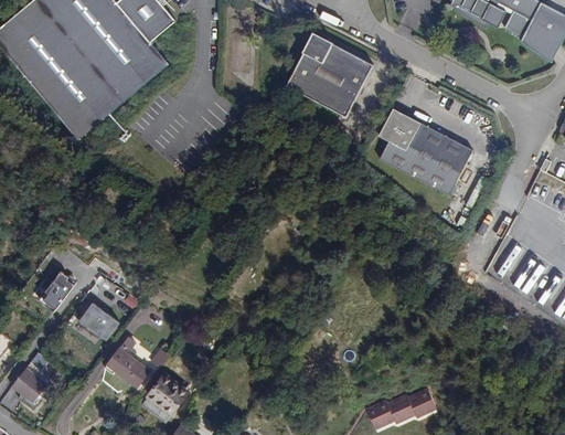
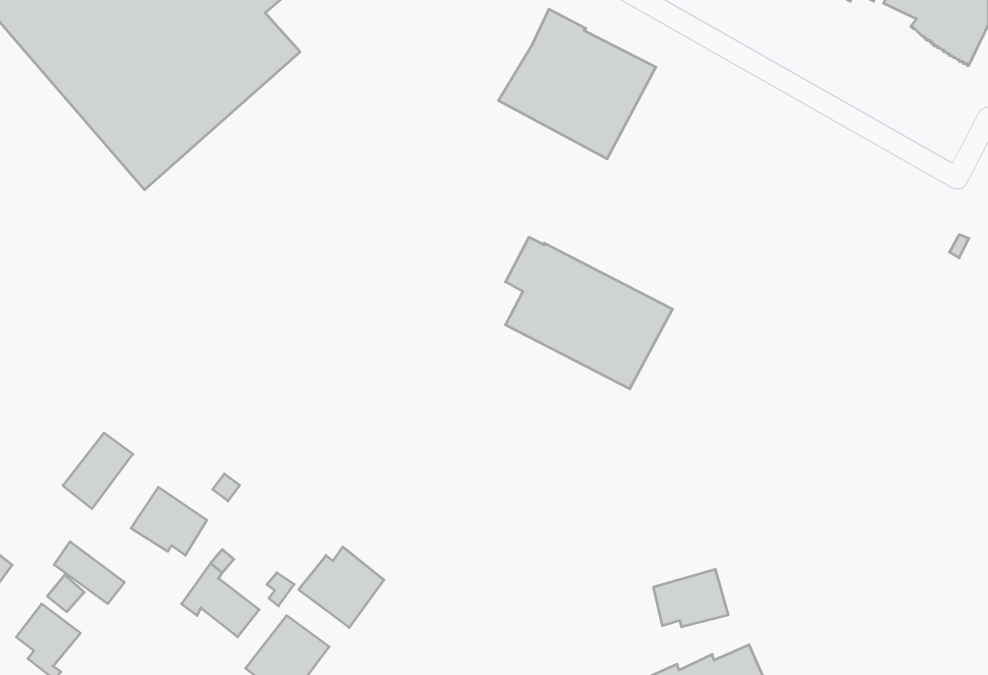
building: [380,109,475,195] -> [505,237,673,389]
building: none -> [54,542,124,604]
building: none -> [299,547,384,628]
building: none -> [654,569,728,627]

